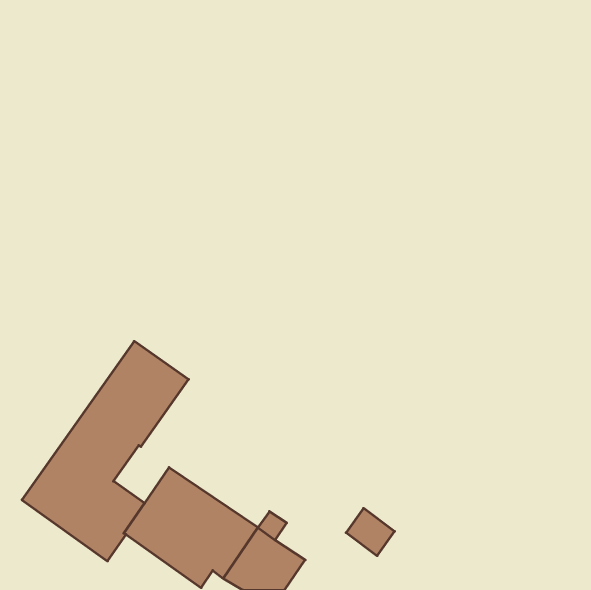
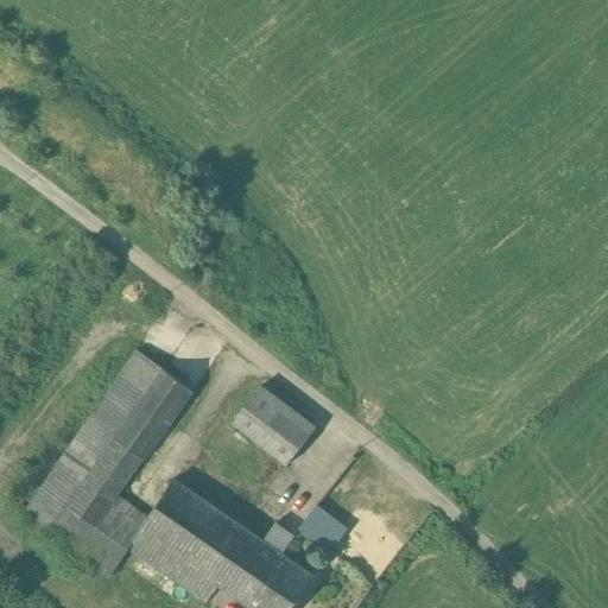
building: none -> [230,385,316,467]
building: [346,508,395,556] -> [298,505,348,553]

